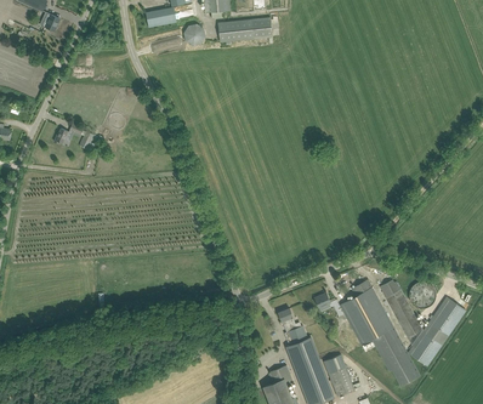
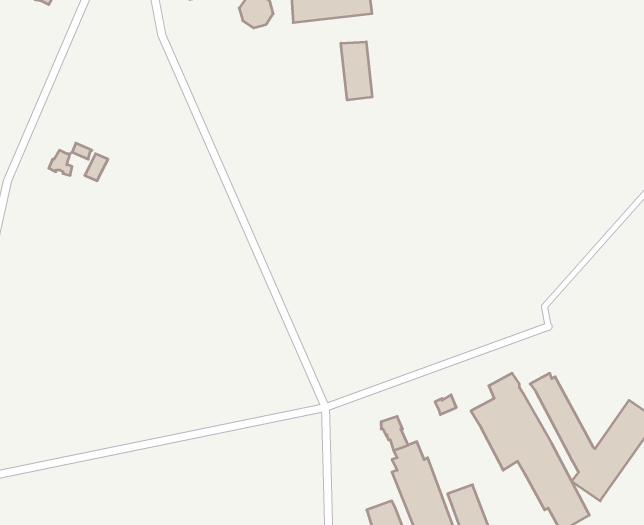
building: none -> [341,42,372,100]

